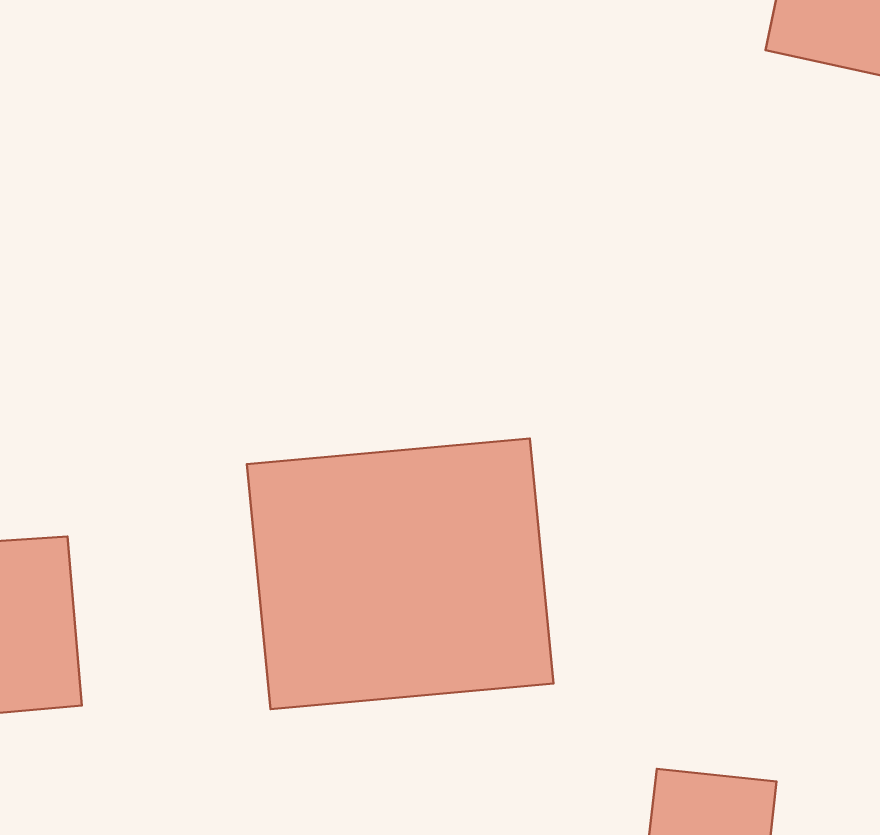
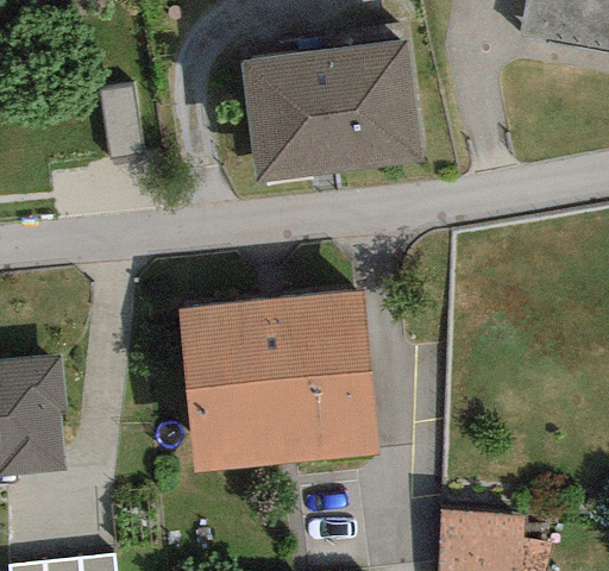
building: none -> [240,36,422,177]

